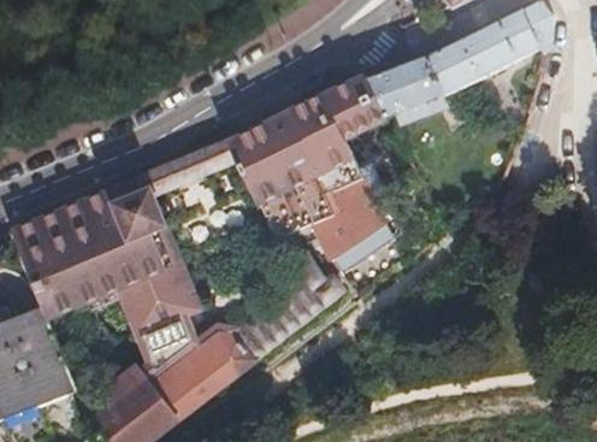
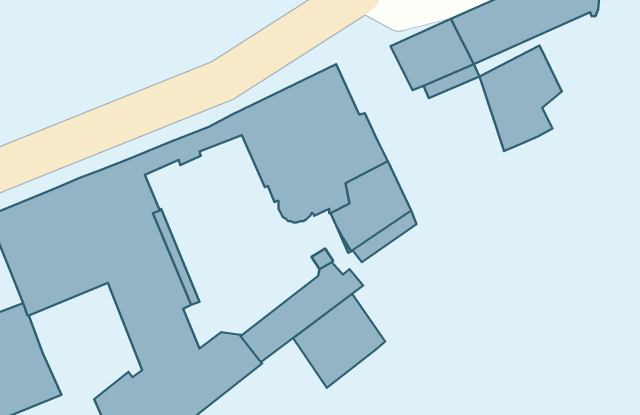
building: [319,75,386,140] -> none
building: none -> [479,45,562,151]
building: none -> [293,294,385,388]

